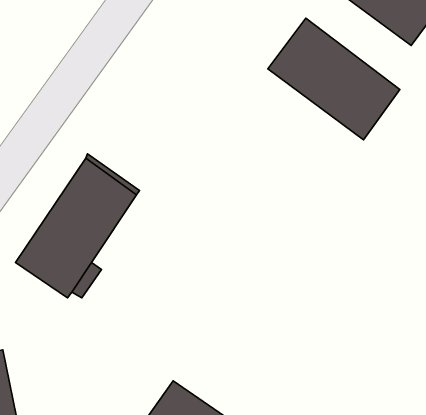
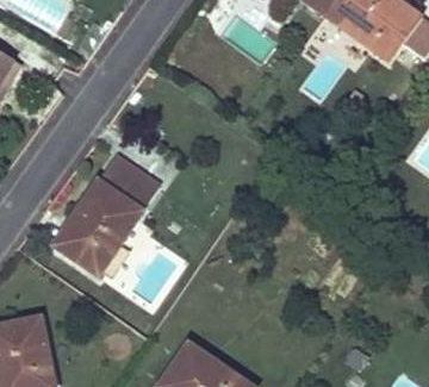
building: [268,18,400,140] -> none

